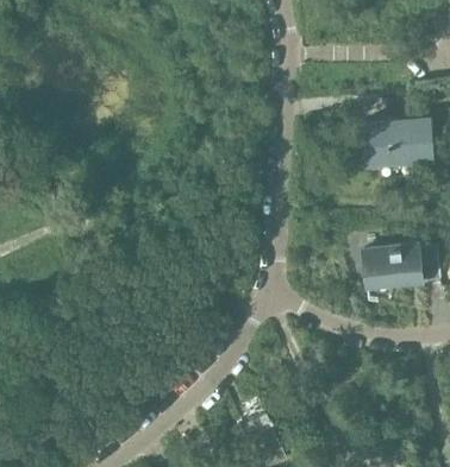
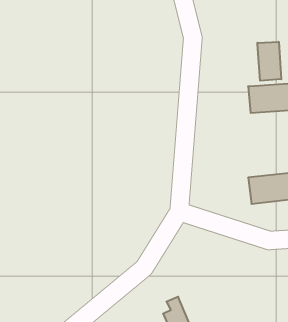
building: none -> [257,42,281,81]

